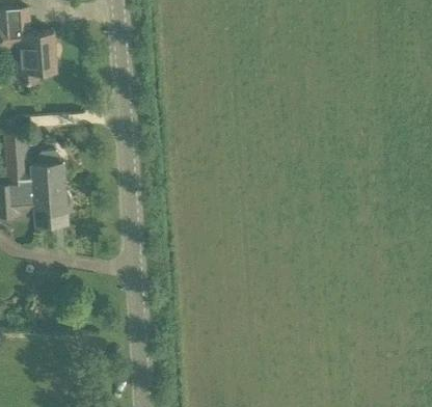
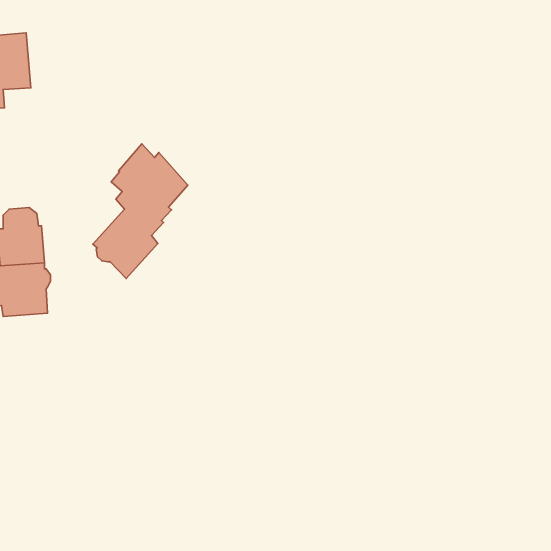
building: none -> [93,144,188,278]

